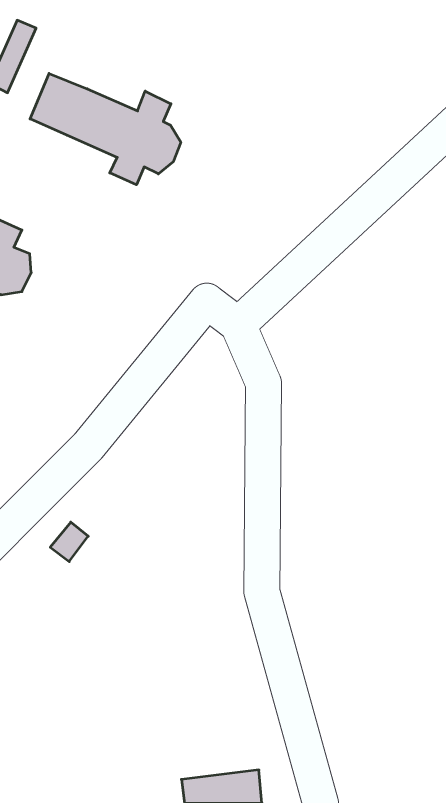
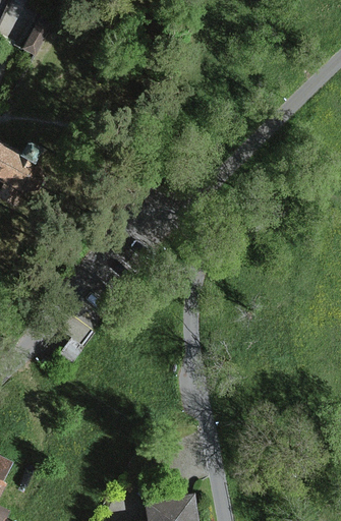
building: [30,73,181,185] -> none

